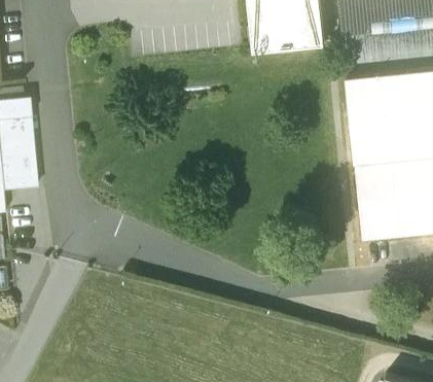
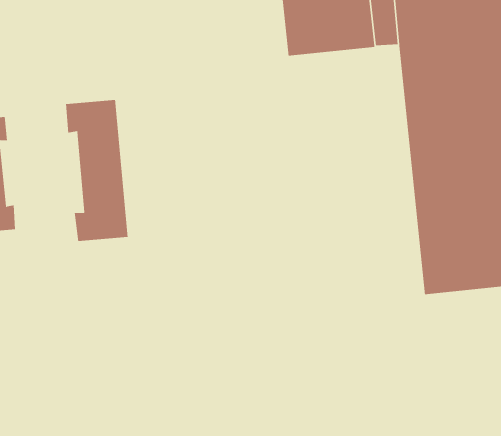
building: none -> [65,99,128,242]

